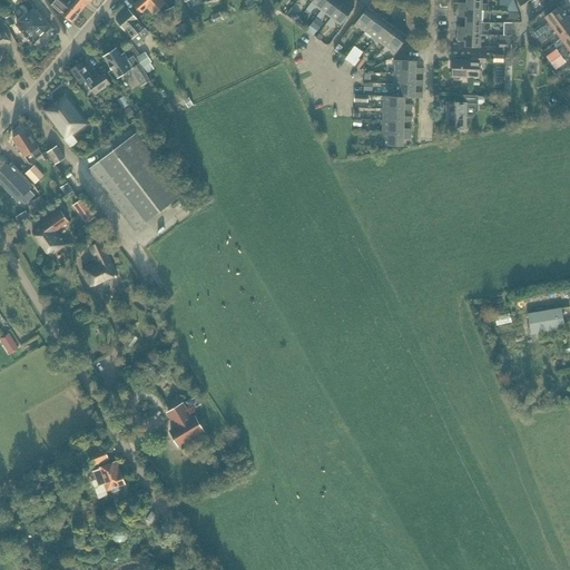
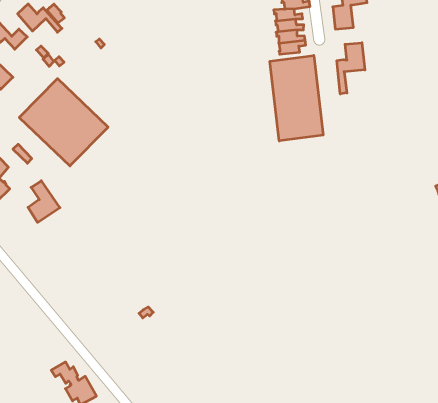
building: none -> [337,43,365,94]
building: none -> [270,55,323,141]
building: [167,403,200,444] -> none

